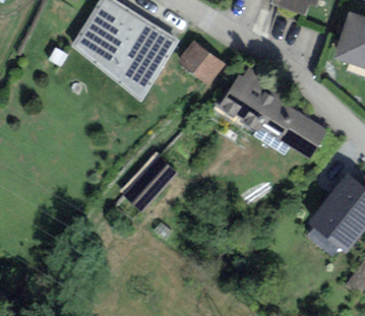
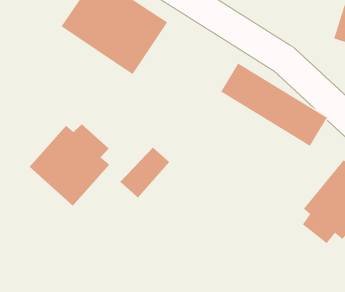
building: [182,46,228,86] -> none
building: none -> [29,123,110,207]

